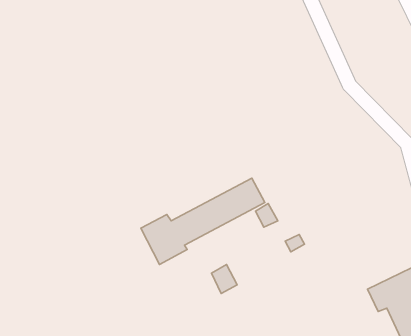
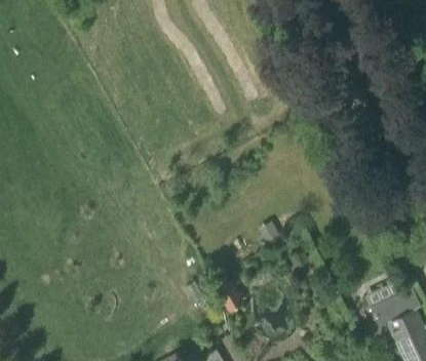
building: [141,178,265,265] -> none

